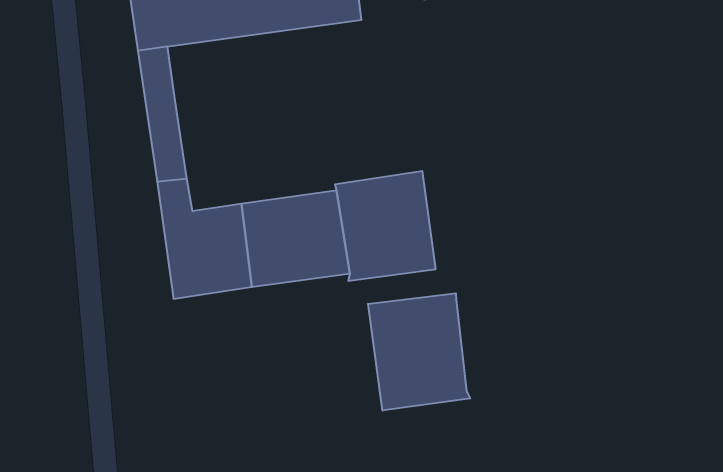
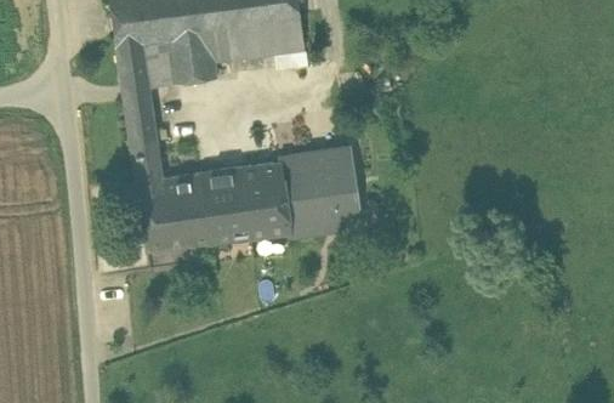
building: none -> [141,22,306,86]
building: [368,293,470,411] -> none

